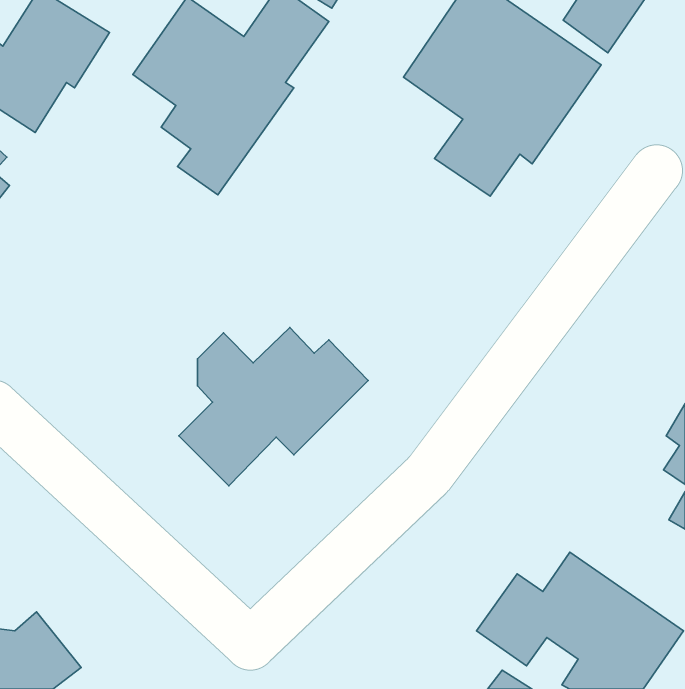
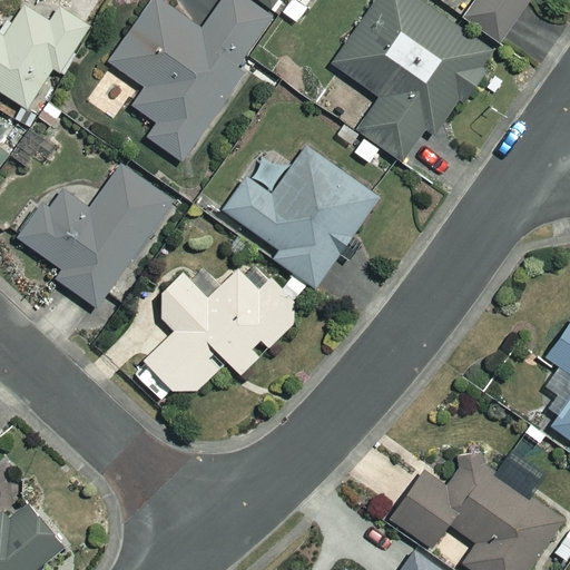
building: none -> [223,148,379,287]
building: none -> [18,166,173,307]

